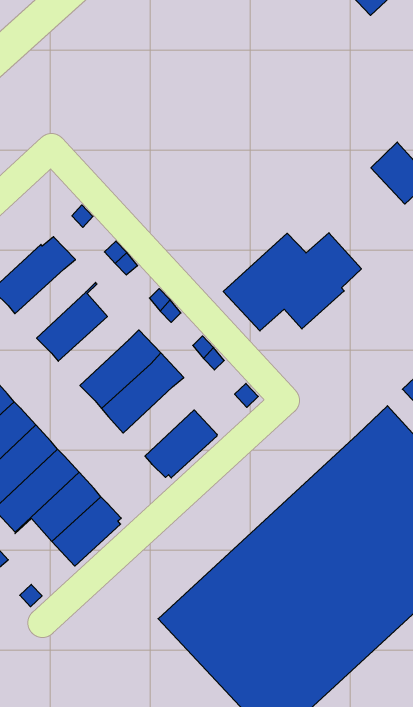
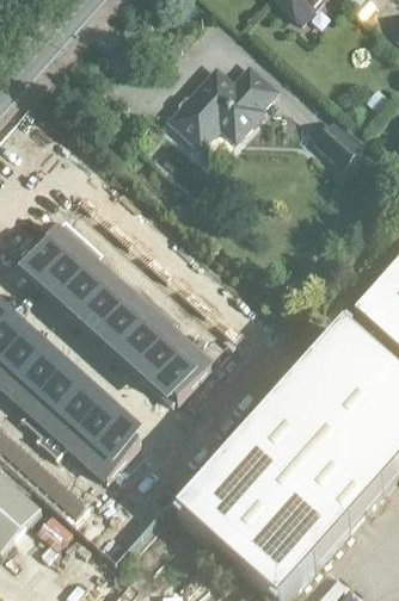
building: [223,233,361,331] -> [171,60,280,143]
building: none -> [41,233,103,298]
building: none -> [79,275,141,333]
building: none -> [136,318,191,384]

